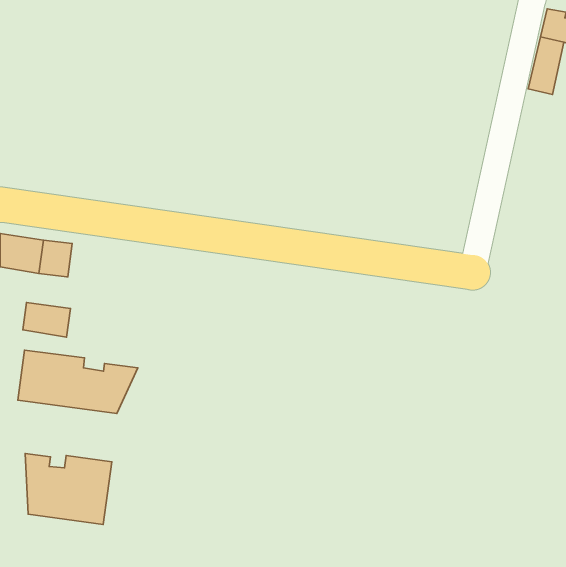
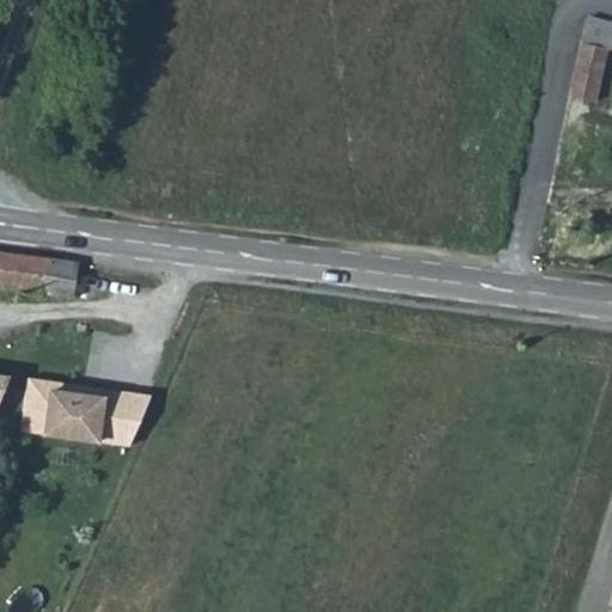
building: [23,302,71,337] -> none
building: [25,453,112,524] -> none

